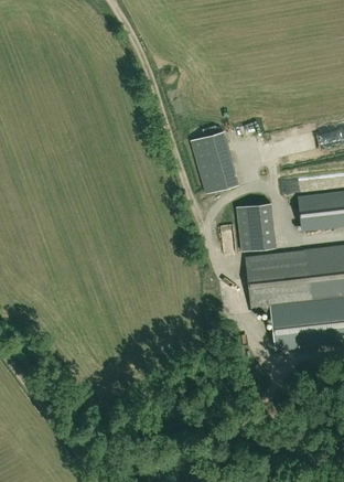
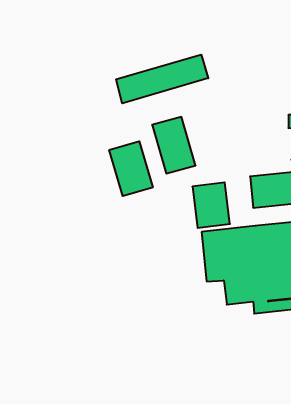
building: none -> [116,55,208,103]
building: none -> [109,141,153,196]

